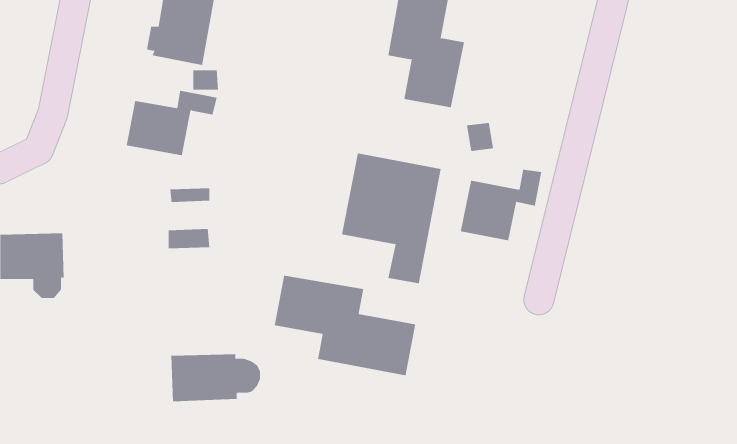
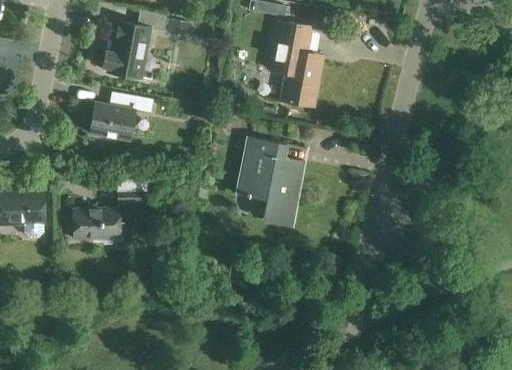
building: [460,169,542,241] -> none
building: [274,275,416,376] -> none
building: [171,354,261,402] -> [73,207,135,240]

